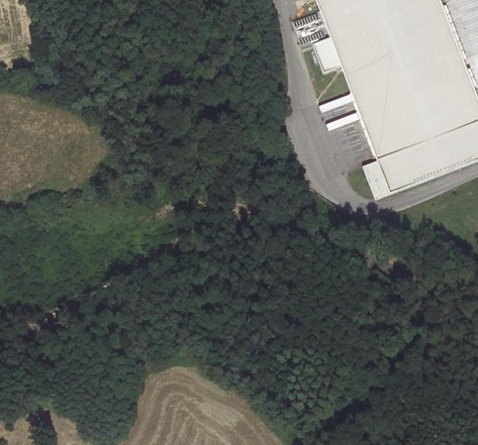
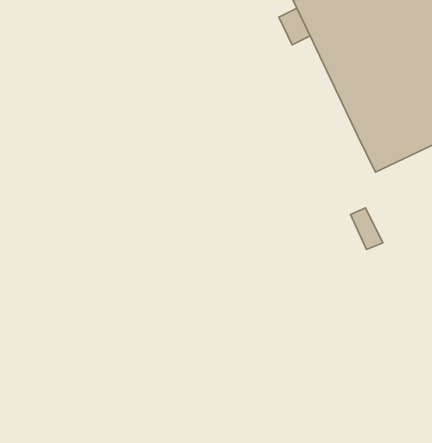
building: [366,158,393,197] -> [350,208,383,250]

